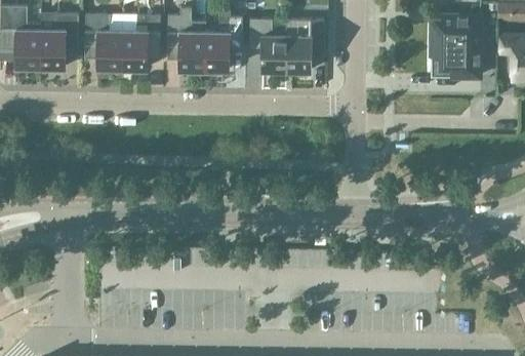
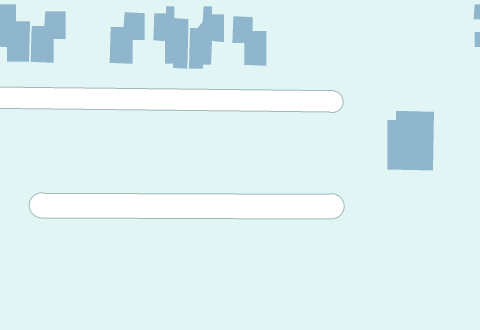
building: [85,15,123,69] -> none
building: [431,15,481,78] -> [386,111,435,171]
building: [286,21,324,72] -> none

